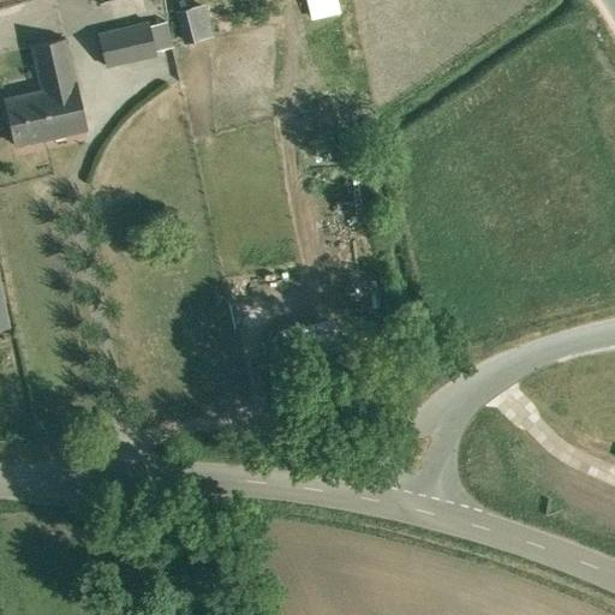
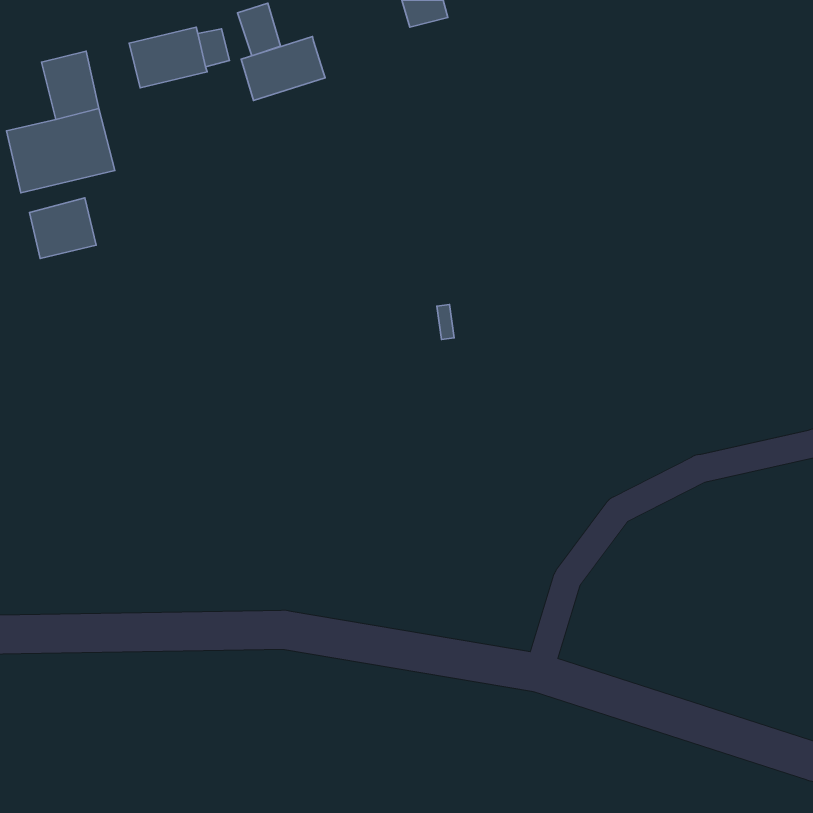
building: none -> [241,37,325,100]
building: none -> [30,198,96,258]

